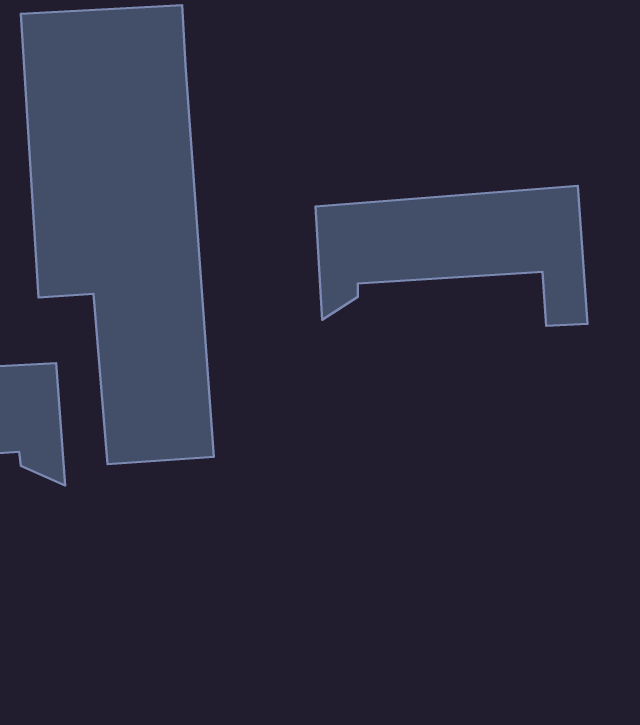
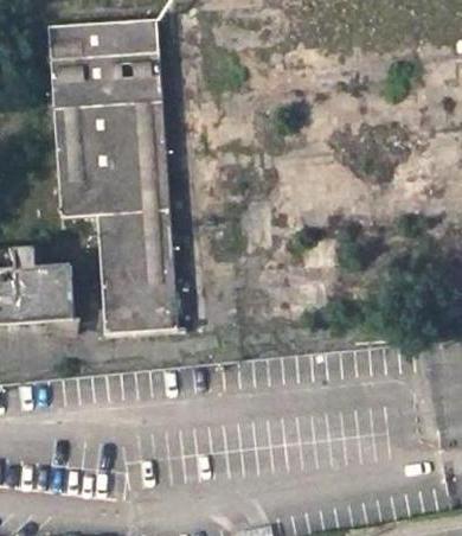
building: [316,186,587,326] -> none

